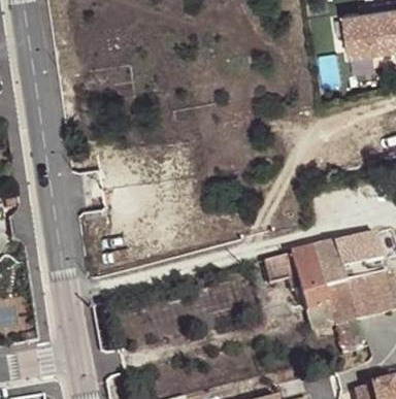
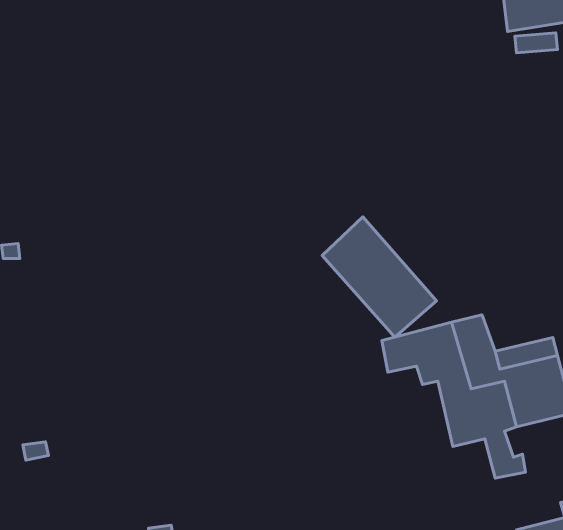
building: none -> [322,217,437,337]
building: [334,235,382,269] -> none

